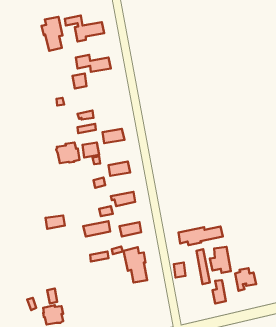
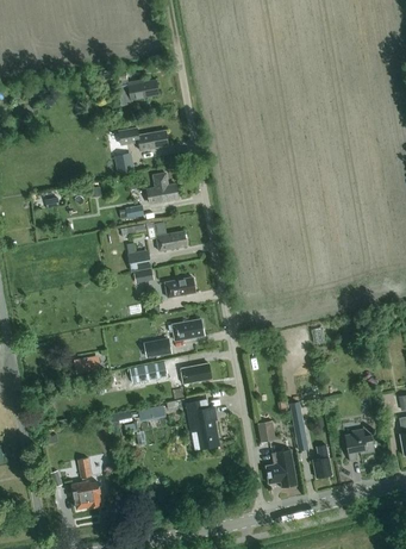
building: [41,17,62,51] -> none
building: none -> [148,173,177,204]
building: [56,143,80,163] -> none
building: [179,227,223,245] -> none
building: [210,247,231,273] -> [266,450,295,487]

